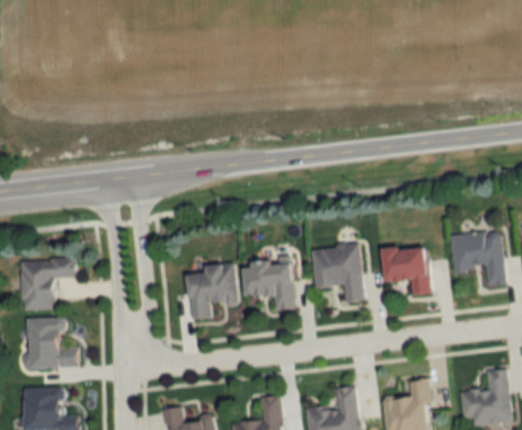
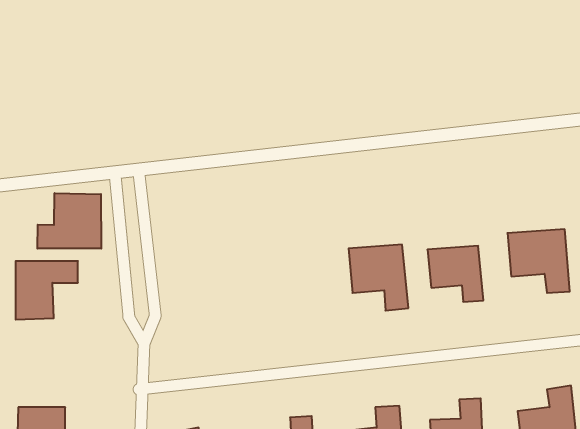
building: none -> [37,193,101,249]
building: [241,261,294,310] -> none
building: [187,263,237,319] -> none
building: [27,318,79,368] -> none

